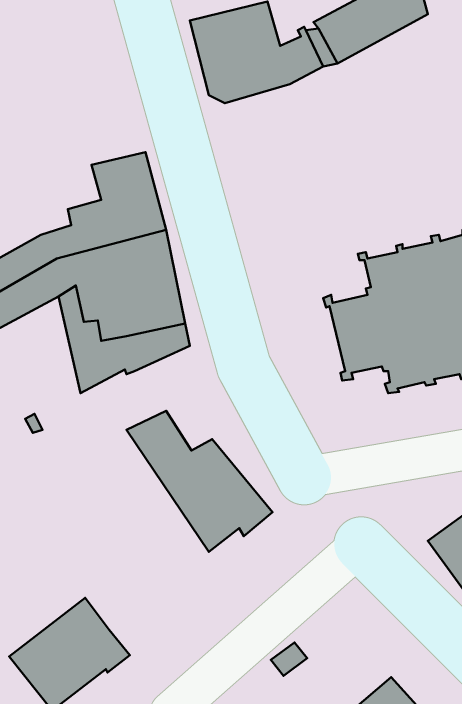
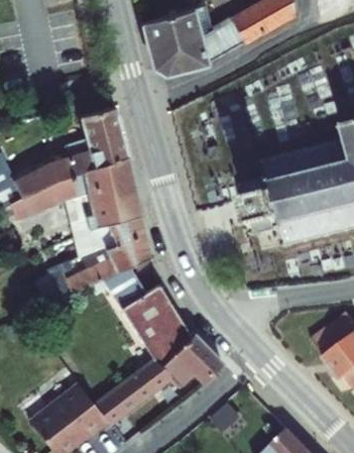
building: none -> [52,223,157,298]
building: none -> [97,329,224,426]

